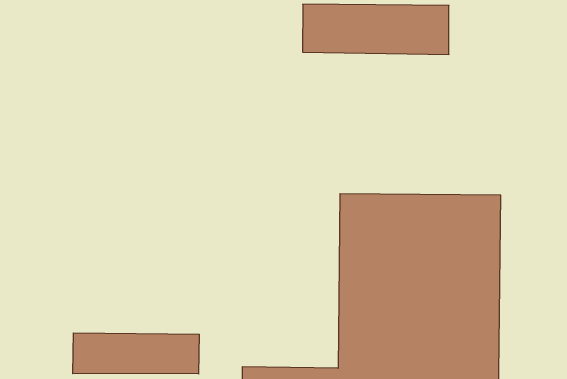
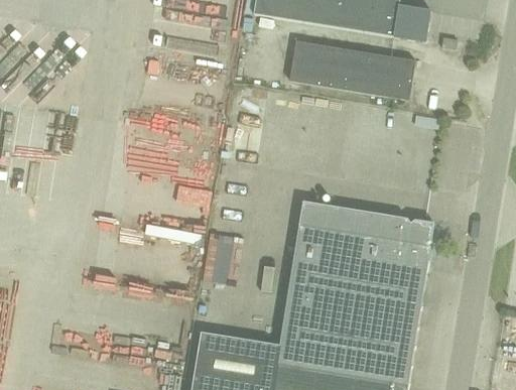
building: [73,333,199,374] -> none

